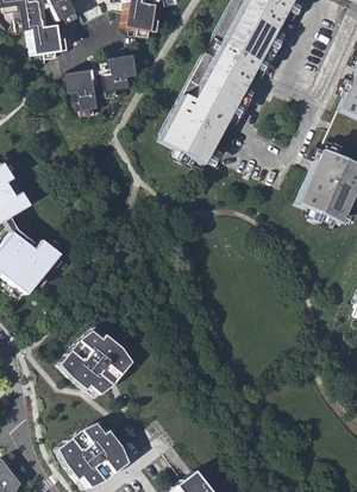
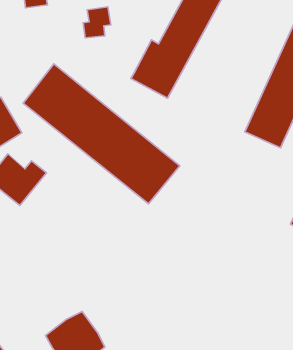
building: [65,70,98,111] -> none
building: none -> [23,64,180,204]
building: [61,327,133,398] -> none

